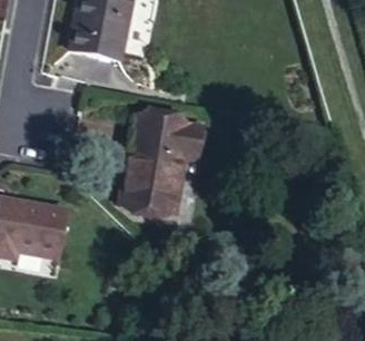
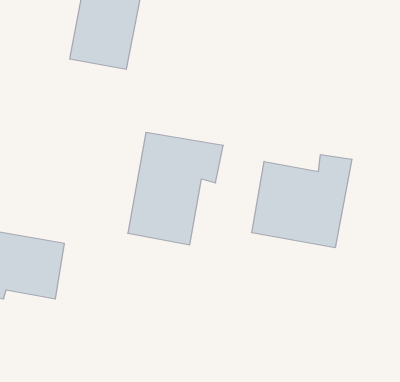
building: none -> [252,155,352,248]

